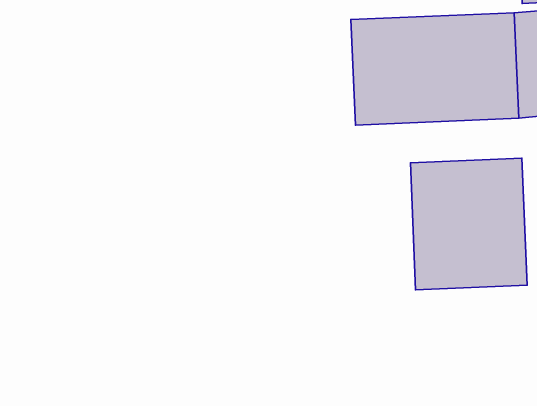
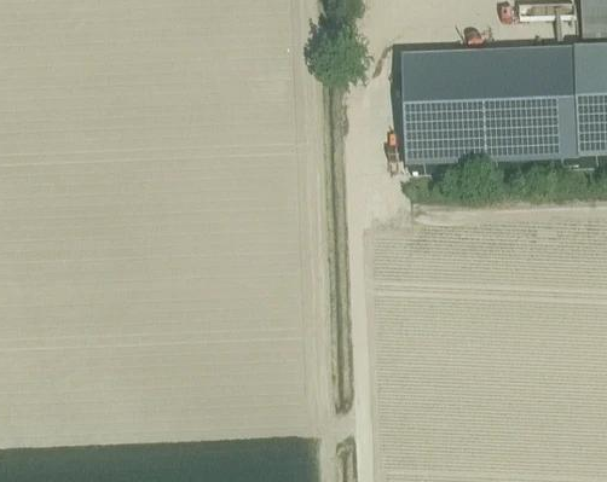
building: [410,158,527,290] -> none

